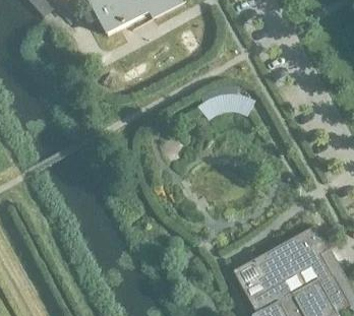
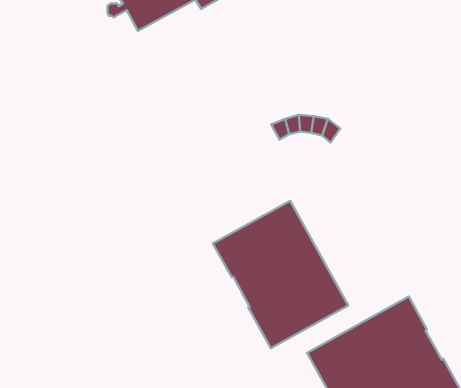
building: none -> [213,201,348,348]

